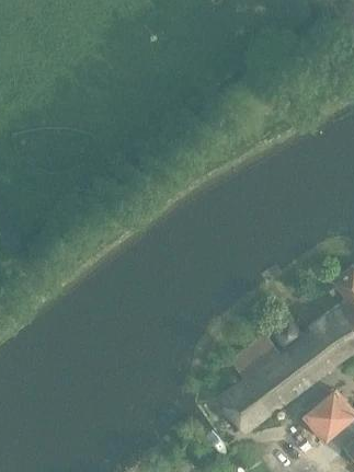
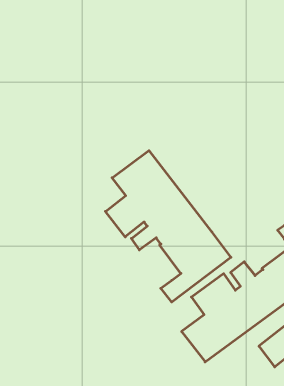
building: none -> [105,151,231,302]

